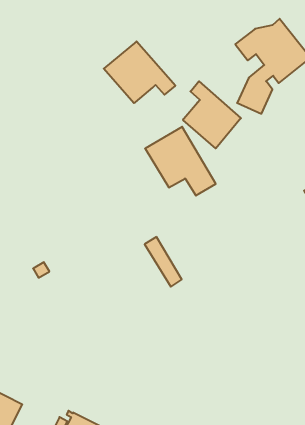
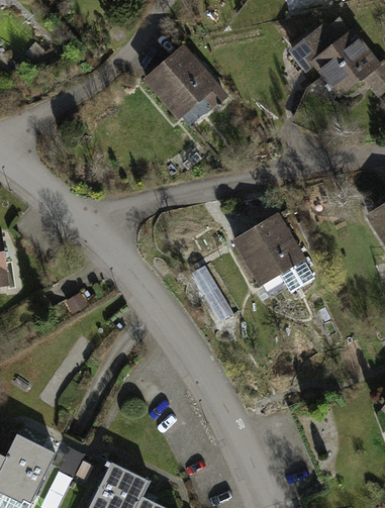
building: [183,81,241,148] -> none
building: [145,127,216,196] -> [234,215,313,292]

